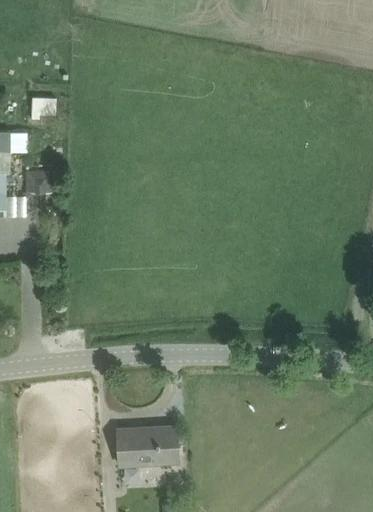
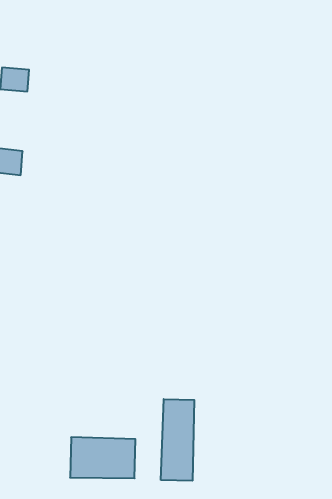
building: none -> [161,399,194,481]

